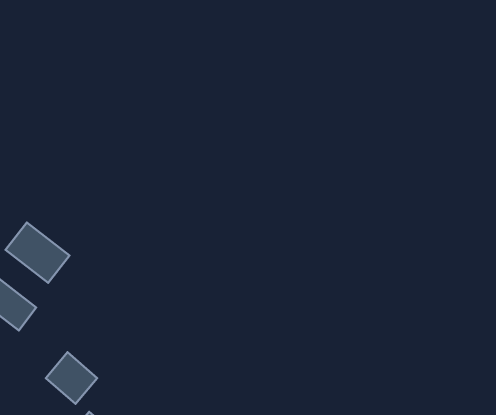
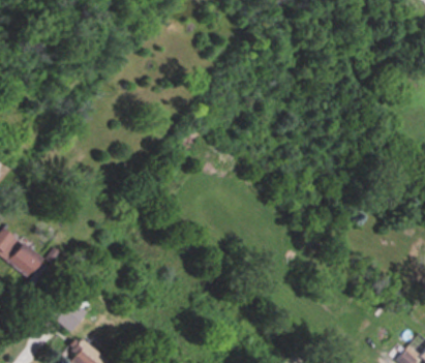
building: [6,222,70,283] -> none

